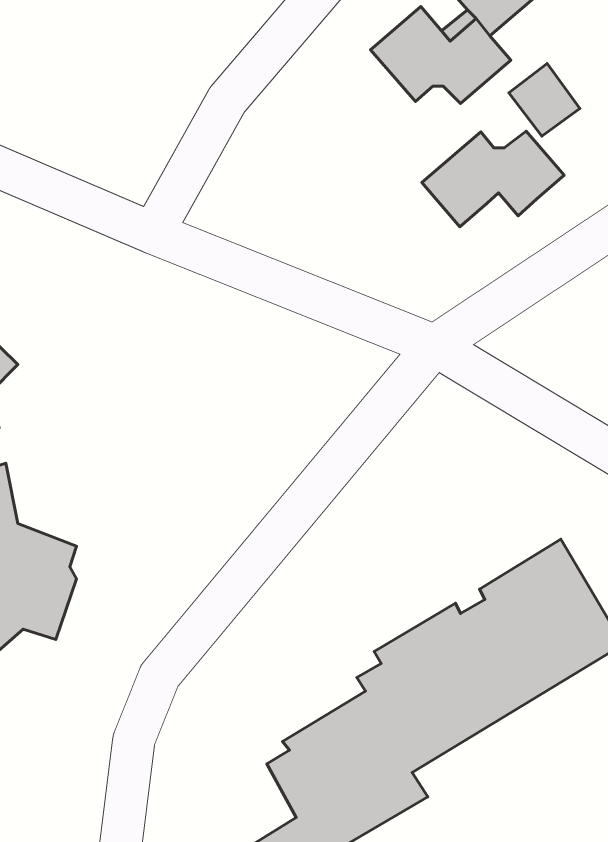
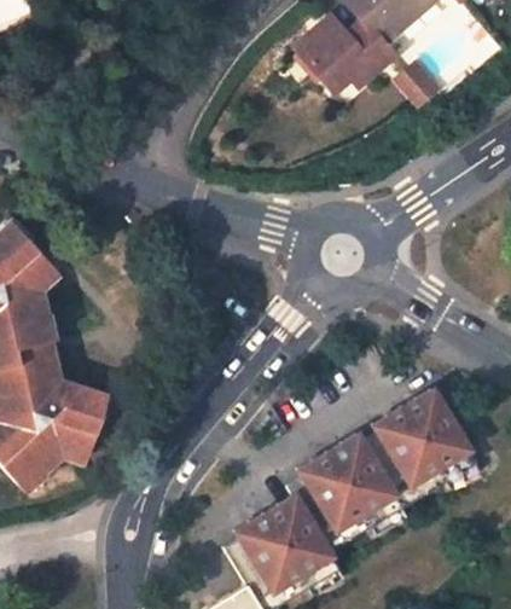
building: [422,131,564,227] -> none

